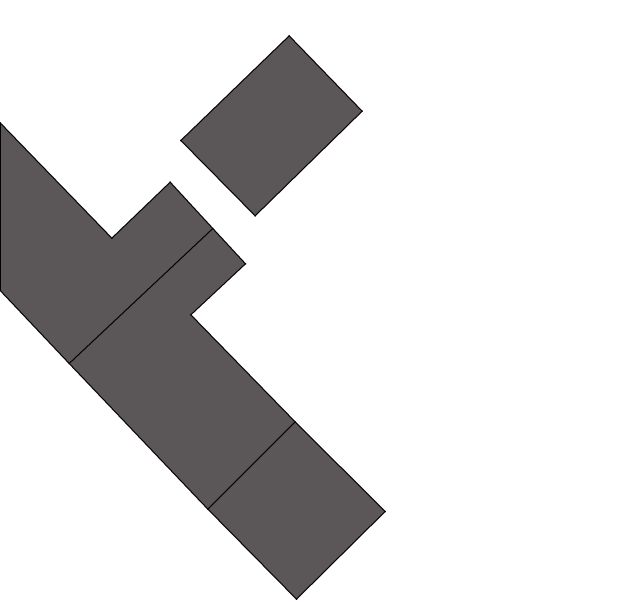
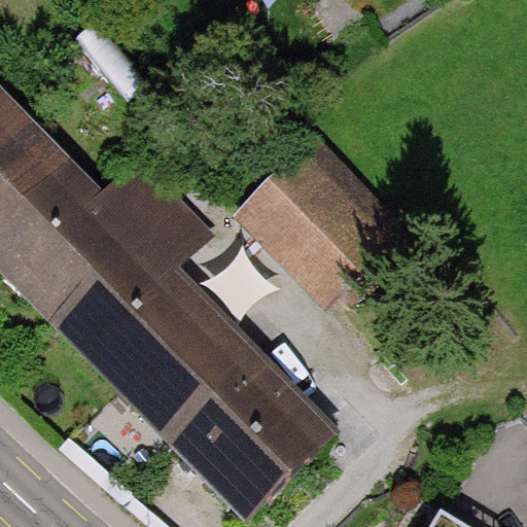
building: [181,36,362,216] -> none
building: none -> [256,137,406,286]

